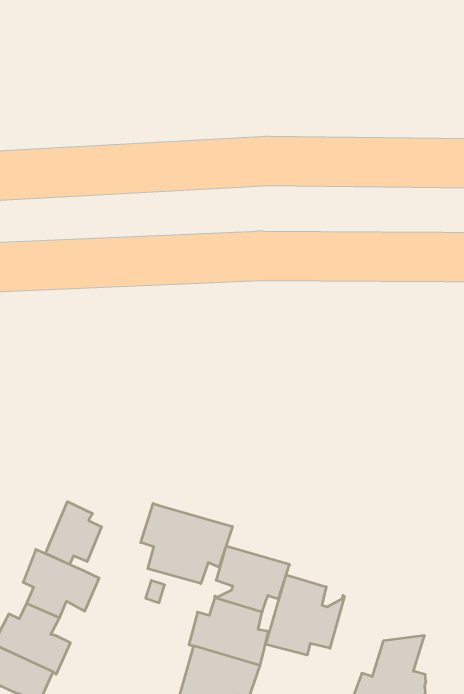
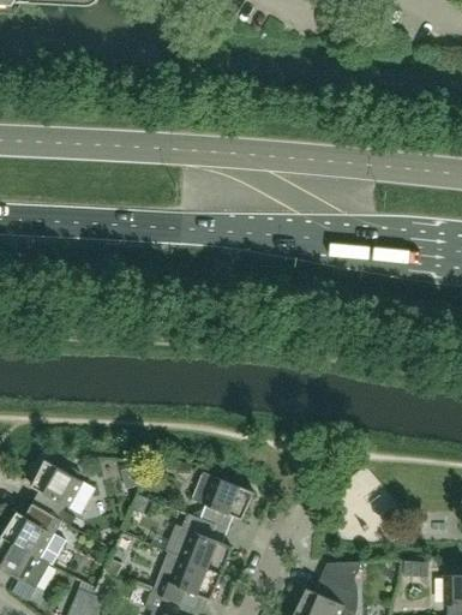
building: [45,502,102,564] -> none
building: [141,503,232,584] -> none
building: [266,575,344,655] -> none

